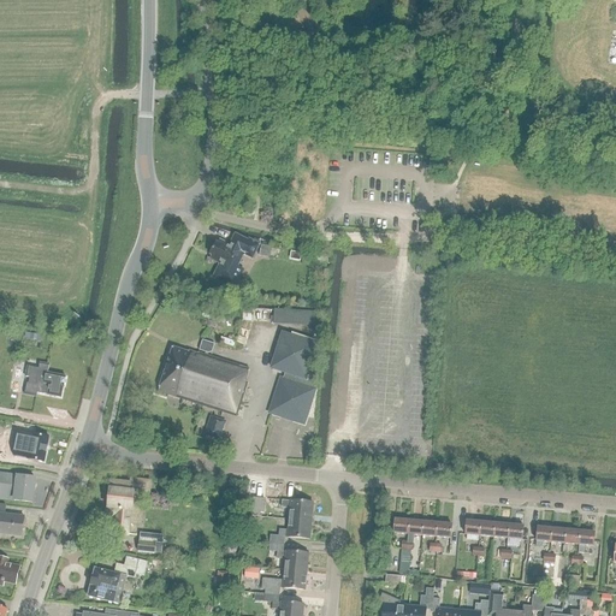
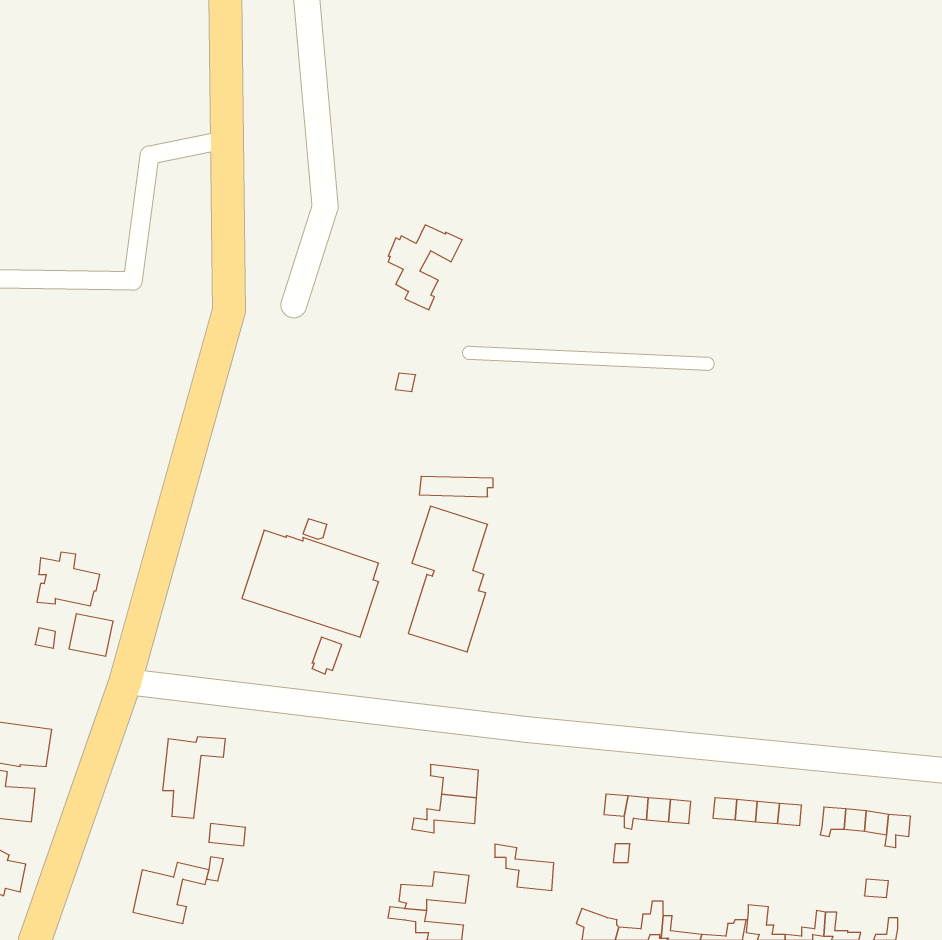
building: [208,232,256,288] -> [388,225,462,310]
building: [19,431,48,458] -> [69,614,113,656]
building: [268,540,307,570] -> [495,844,554,890]

